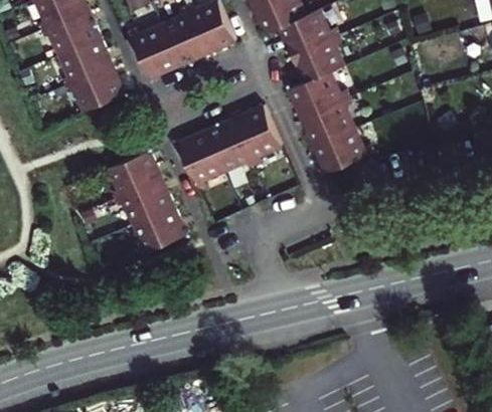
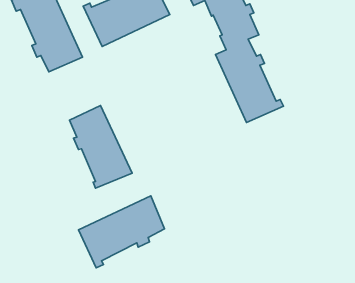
building: [179,104,283,188] -> none
building: none -> [78,196,165,268]

